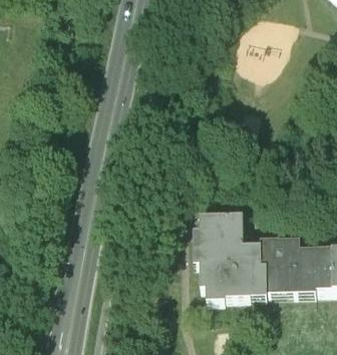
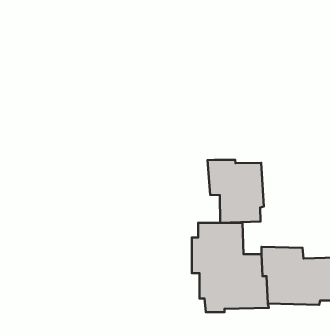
building: none -> [208,160,264,223]

